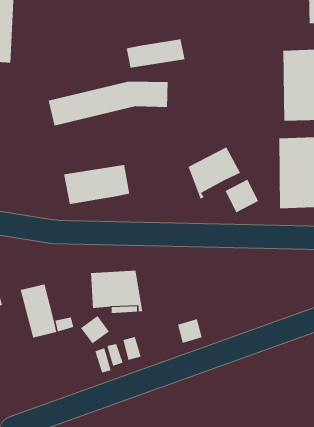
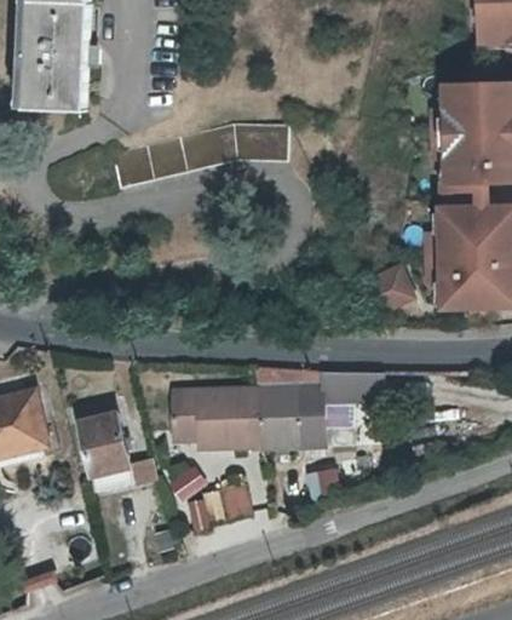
building: [126,38,185,68] -> none
building: [188,146,241,200] -> none
building: [64,164,130,205] -> none
building: none -> [245,369,384,452]

